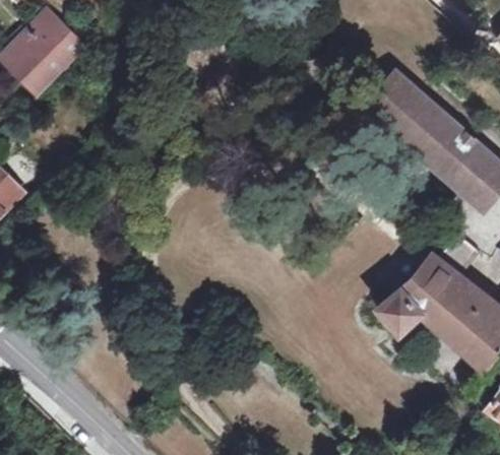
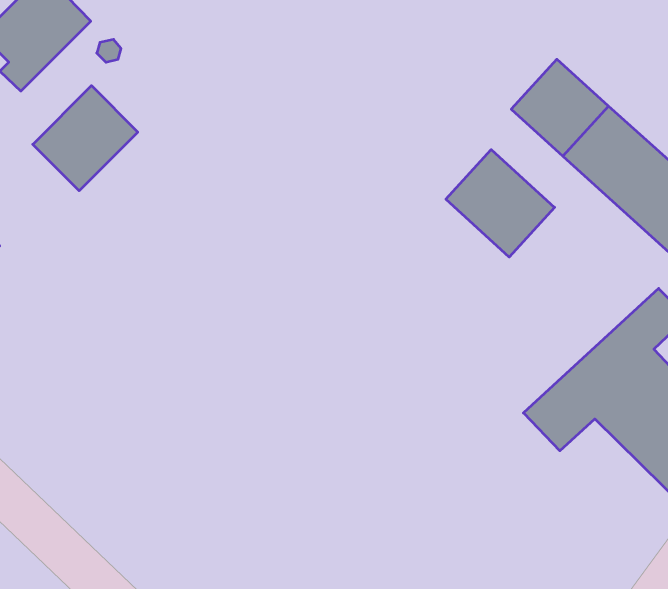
building: none -> [33,86,138,191]
building: none -> [446,150,555,257]

